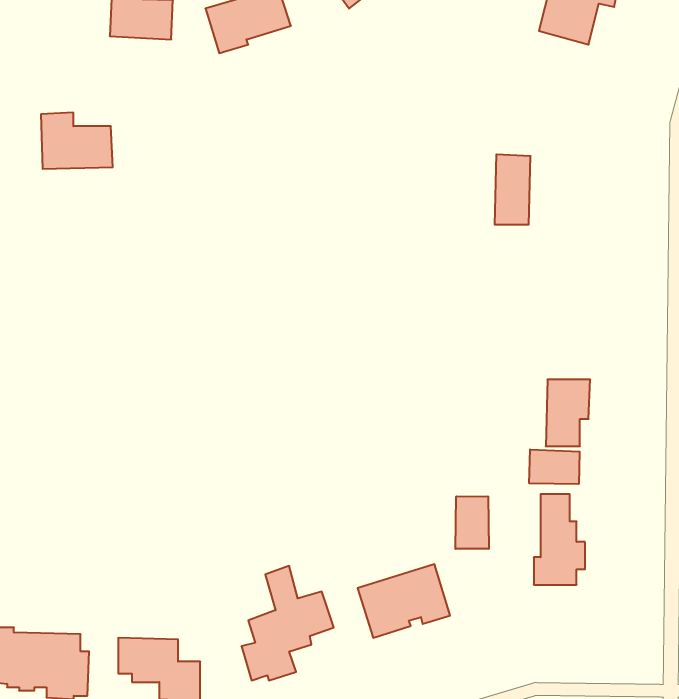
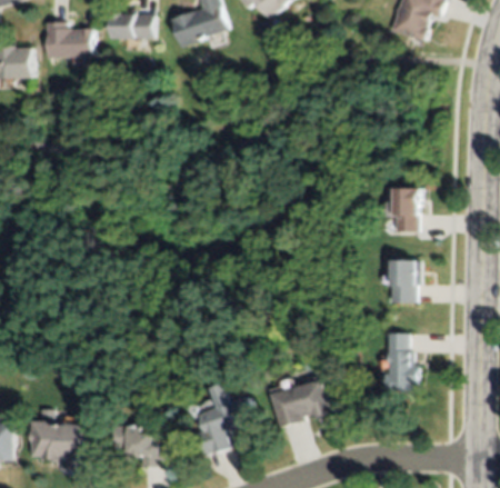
building: [41,113,113,169] -> [46,20,92,57]
building: [495,154,531,225] -> [394,185,418,230]
building: [529,449,580,484] -> none
building: [455,496,489,549] -> none

